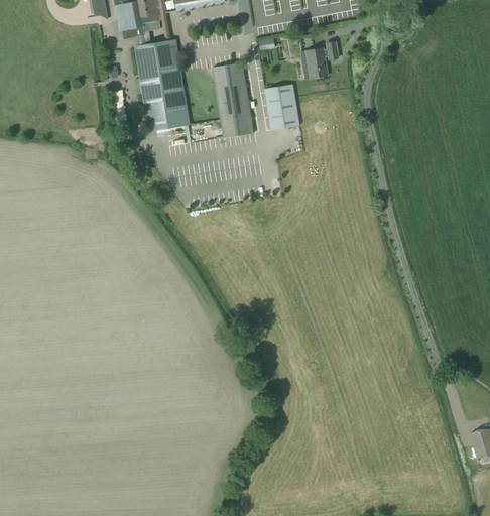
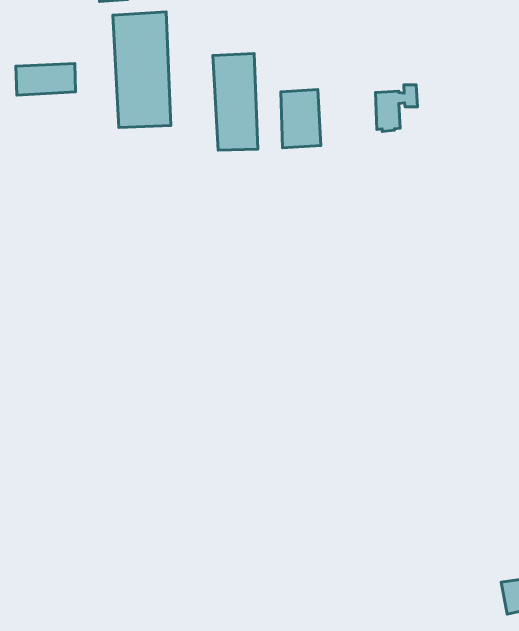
building: [308,41,340,79] -> [376,85,418,131]
building: none -> [16,64,75,95]

